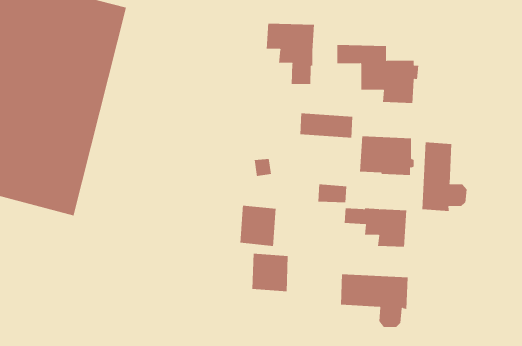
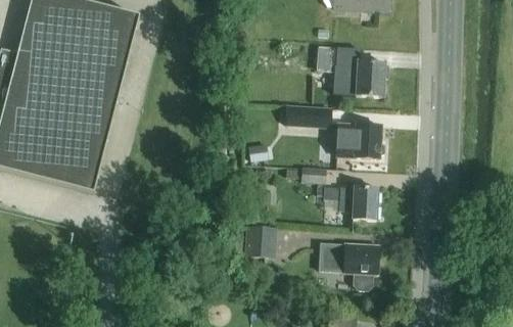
building: [266,23,314,85] -> none
building: [422,142,467,212] -> none
building: [240,205,276,247] -> none

